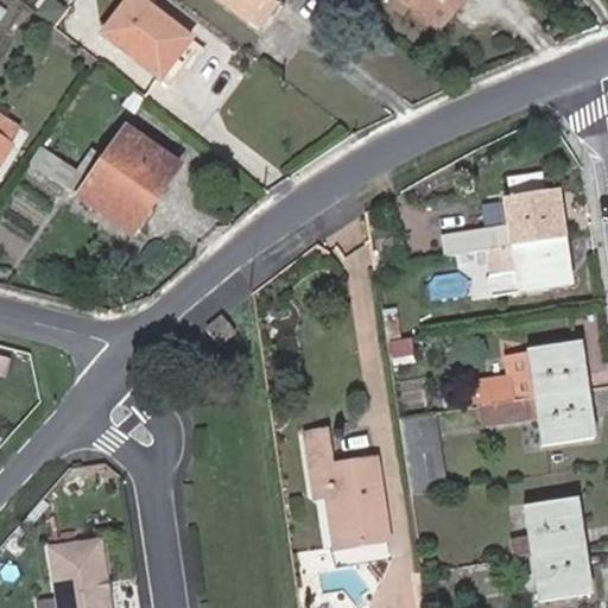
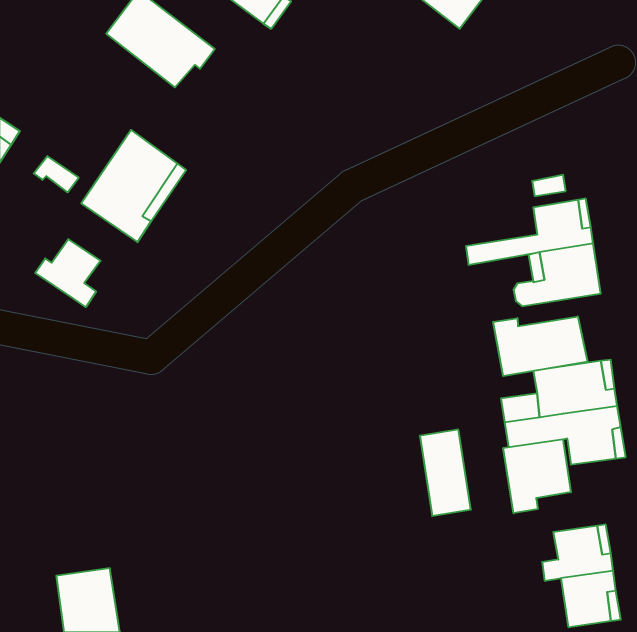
building: none -> [35,239,101,307]
building: none -> [493,316,587,376]
building: none -> [503,439,571,513]
building: [304,426,391,546] -> none

